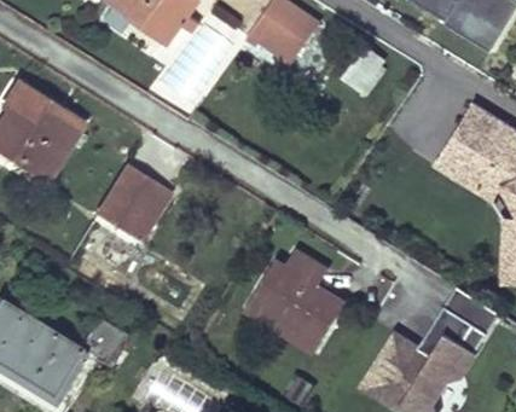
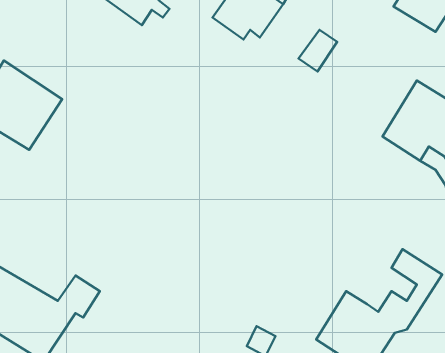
building: [97,166,170,240] -> none
building: [251,250,343,350] -> none
building: [416,308,470,356] -> none

